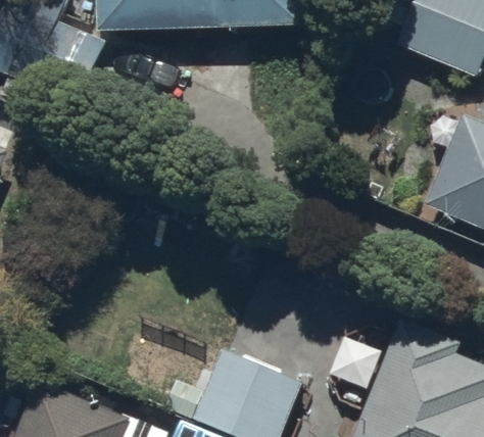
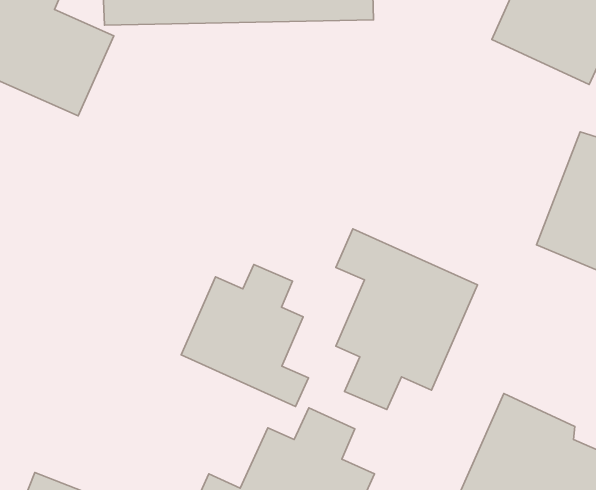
building: none -> [336,229,477,410]
building: none -> [181,265,308,406]

